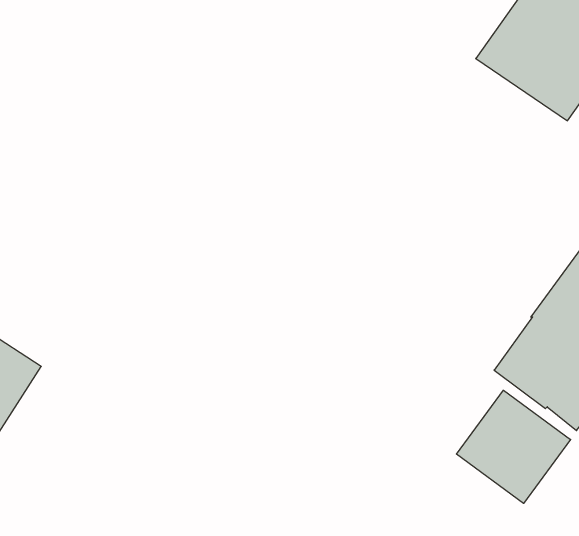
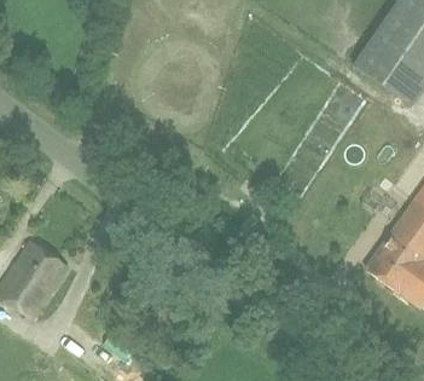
building: [456,390,571,503] -> none

